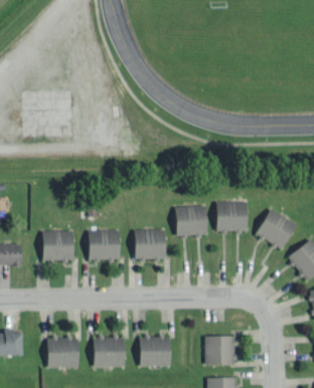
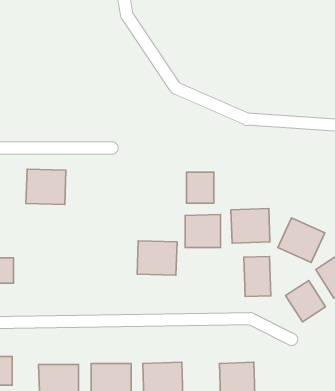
building: none -> [186,172,214,203]
building: [40,230,75,261] -> [26,169,66,205]
building: [87,230,121,260] -> none
building: none -> [244,256,271,296]
building: none -> [286,280,326,322]

